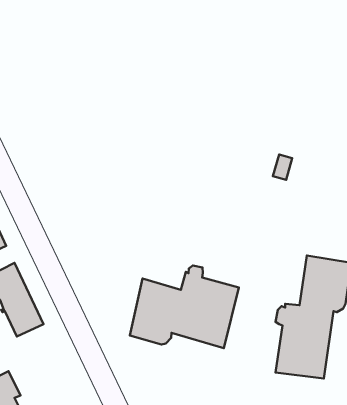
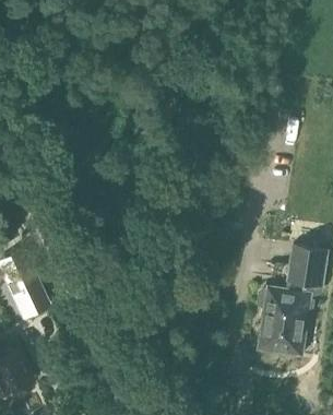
building: [130,265,239,348] -> none

